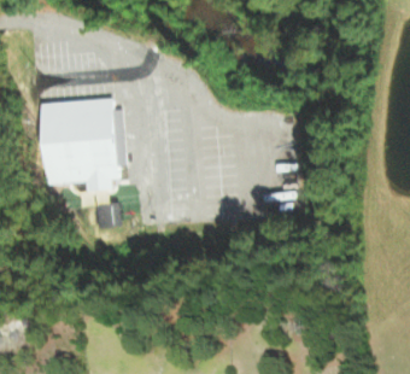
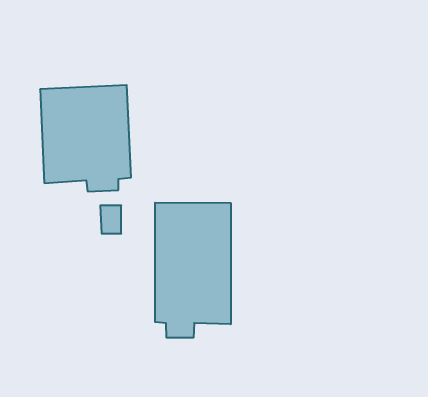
building: none -> [155,203,231,338]

